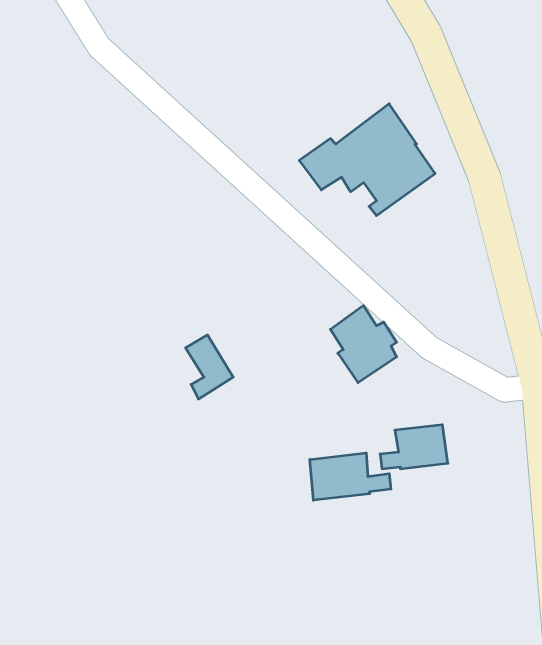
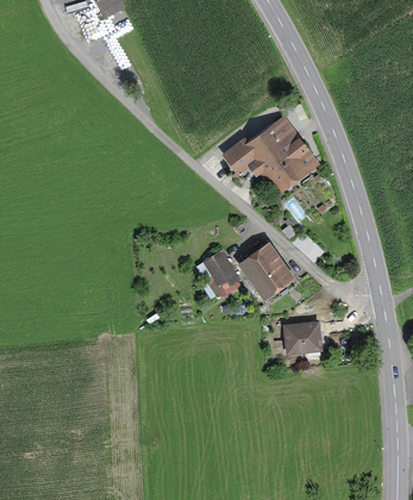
building: [186,335,233,399] -> [207,254,238,295]
building: [310,453,391,500] -> none

